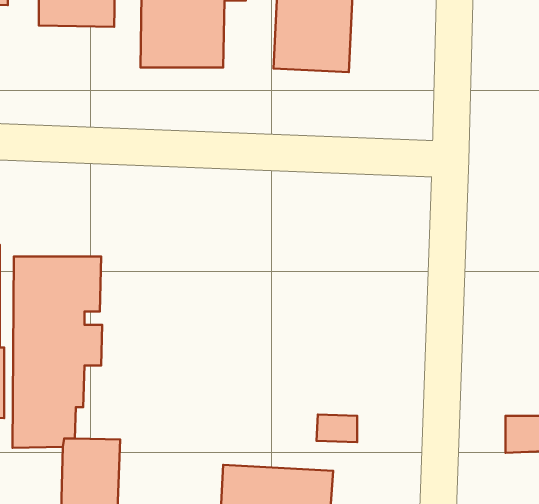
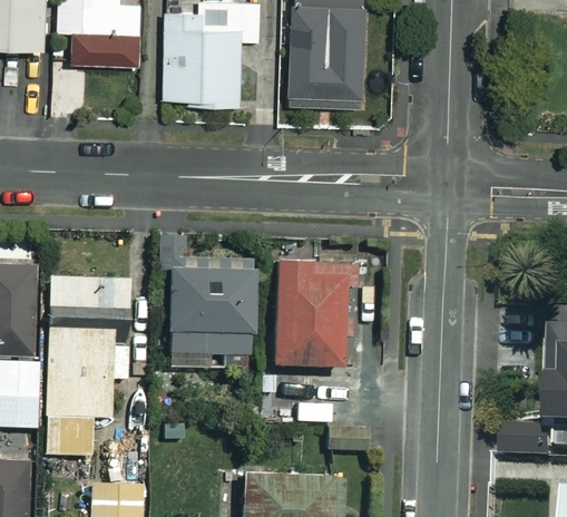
building: none -> [162,235,257,355]
building: none -> [264,256,369,377]

